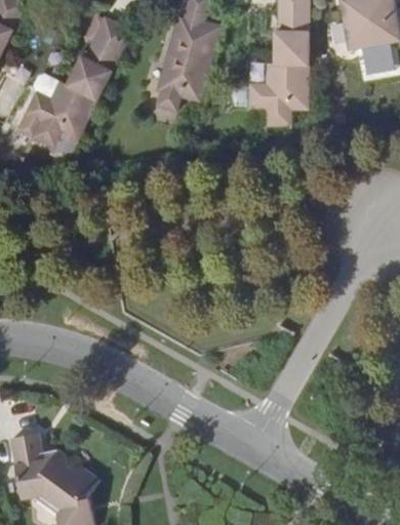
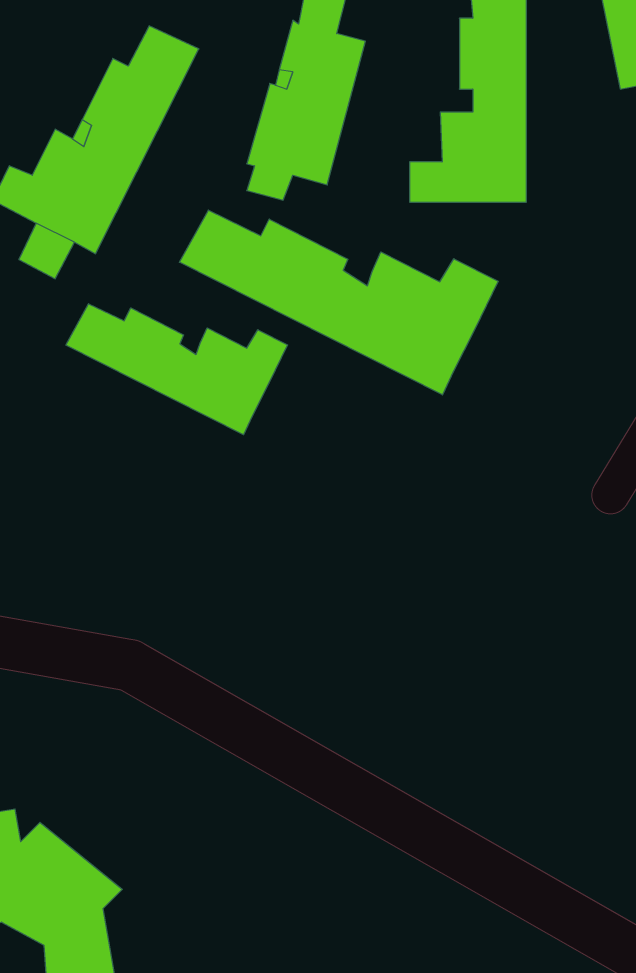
building: none -> [179,210,498,395]
building: none -> [66,304,288,435]

